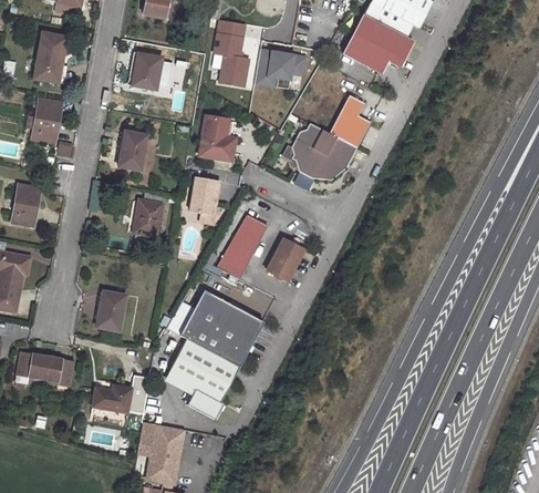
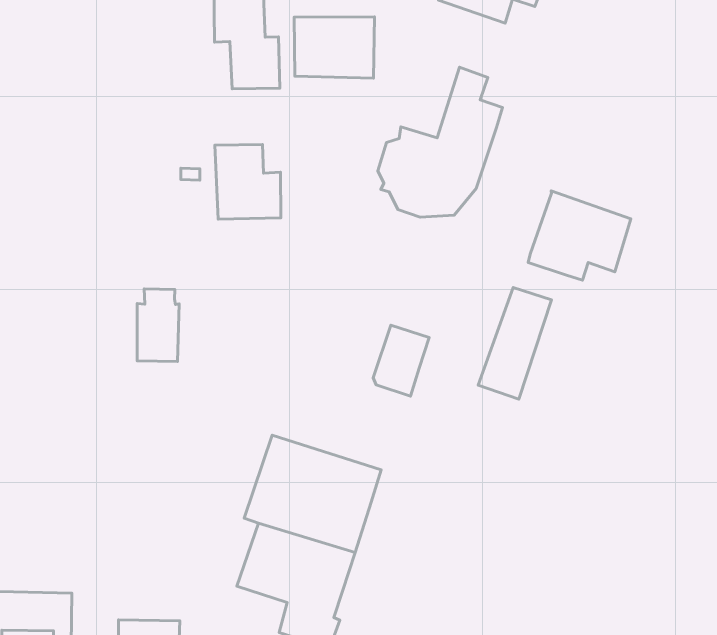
building: [132,53,162,90] -> none
building: [117,132,146,171] -> none
building: none -> [528,191,631,280]
building: [189,177,220,214] -> none
building: [217,214,268,279] -> [478,287,552,399]
building: [95,291,125,330] -> none

